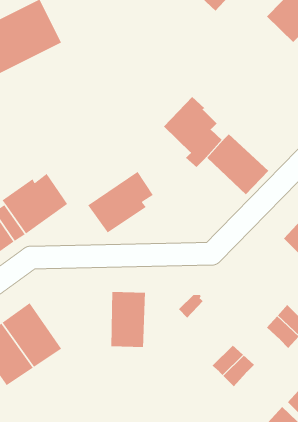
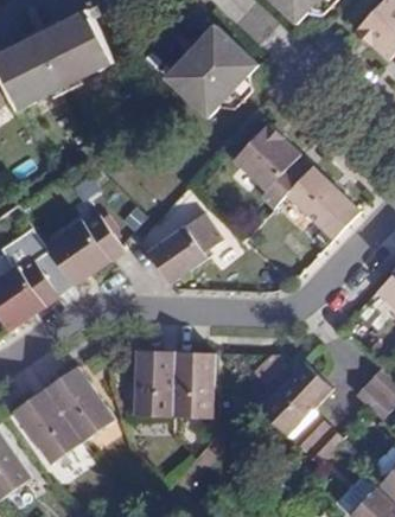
building: none -> [164,25,256,119]
building: none -> [133,351,173,417]
building: none -> [259,363,331,436]

